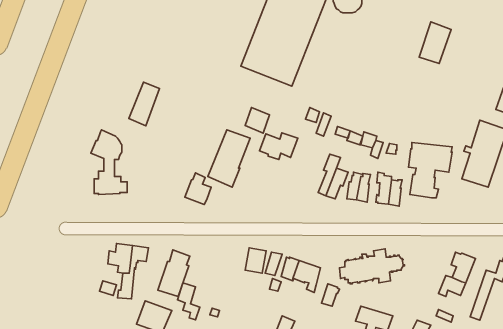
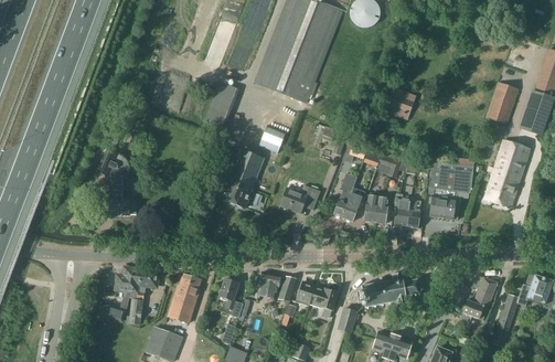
building: [419,22,451,63] -> [485,82,519,125]
building: none -> [387,87,416,113]
building: [129,82,160,126] -> [204,82,236,127]
building: [260,133,298,159] -> [280,185,320,213]
building: [185,173,211,205] -> none
building: [178,283,200,320] -> [220,278,243,317]

